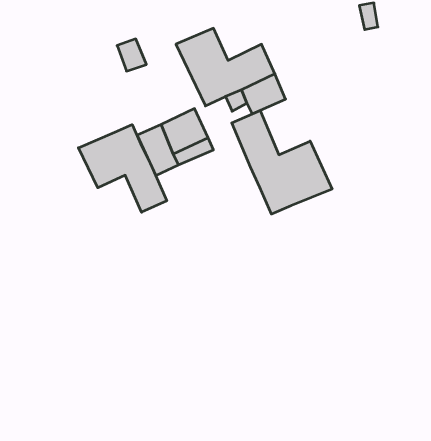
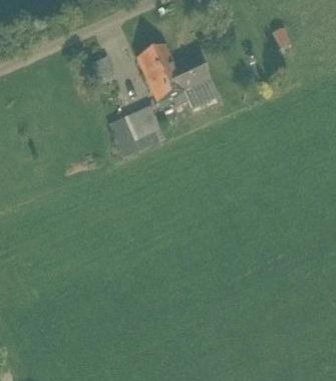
building: [232,110,332,214] -> none
building: [78,125,167,212] -> none

